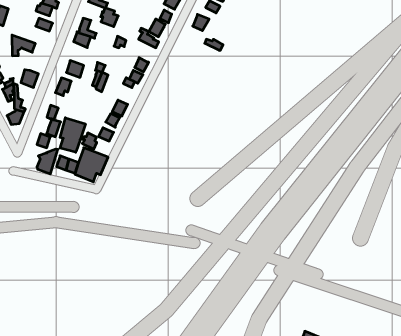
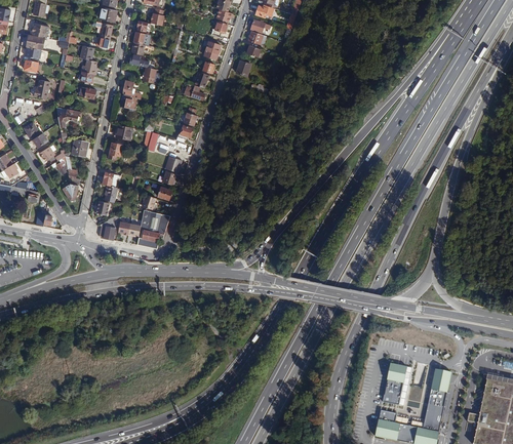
building: [60,118,85,152] -> none

